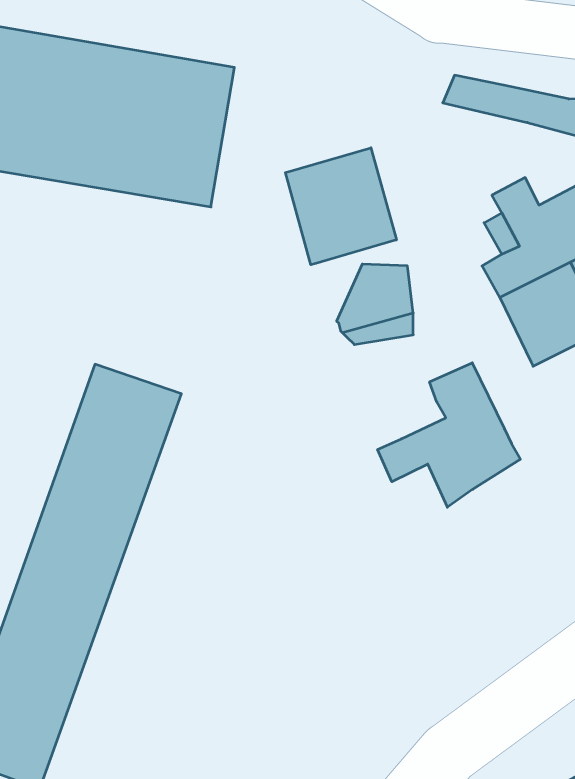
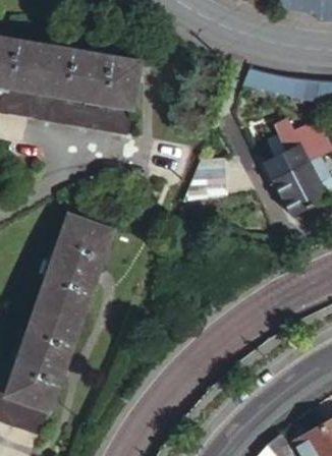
building: [285,148,396,265] -> none
building: [378,363,520,507] -> none

